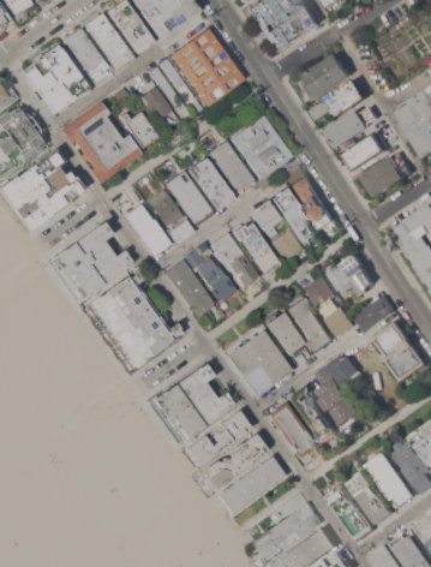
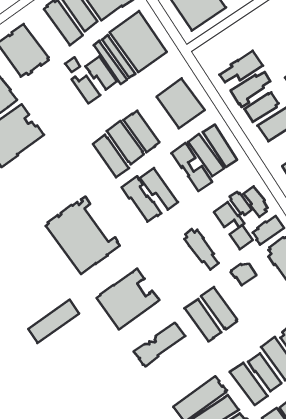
building: [64,28,109,83] -> none
building: [297,54,352,102] -> none
building: [61,101,142,184] -> none
building: [208,141,255,196] -> none
building: [125,204,172,256] -> none
building: [50,221,133,300] -> none
building: [232,223,281,275] -> none
building: [164,259,214,318] -> none
building: [285,293,334,352] -> none
building: [227,330,293,398] -> none
building: [313,365,358,425] -> none
building: [185,410,251,466] -> [28,300,79,343]
building: [217,455,285,514] -> none

